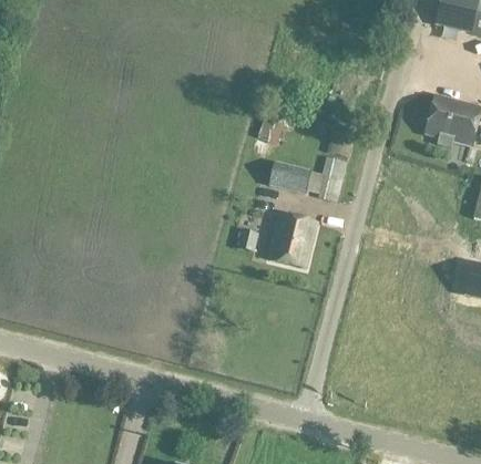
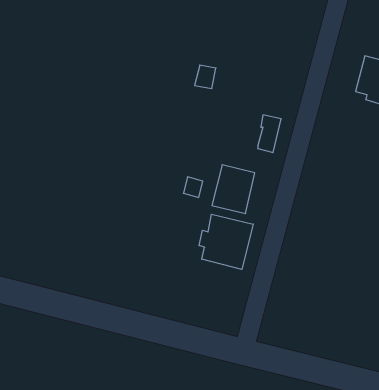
building: [267,161,310,193] -> none
building: none -> [199,214,253,269]

